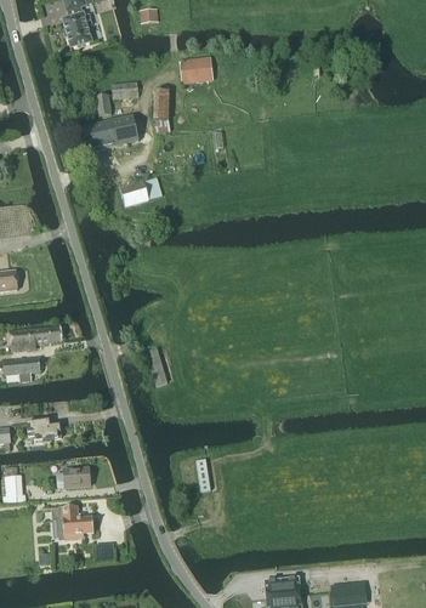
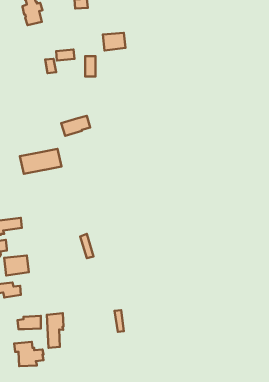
building: [78,115,138,152] -> [20,149,62,174]
building: none -> [4,256,29,275]
building: none -> [47,313,64,348]

